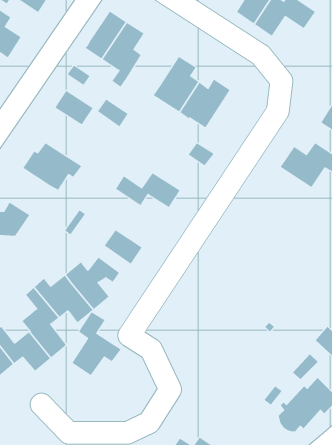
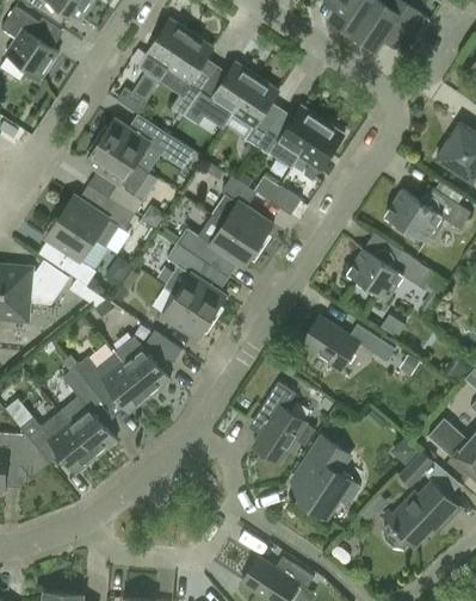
building: none -> [192,62,256,113]
building: none -> [298,119,345,181]
building: none -> [86,141,149,215]
building: none -> [211,175,273,246]
building: none -> [45,217,98,286]
building: none -> [165,243,225,317]
building: none -> [347,248,429,299]
building: none -> [301,316,395,371]
building: [71,312,122,376] -> [253,382,316,463]
building: none -> [298,435,357,519]

